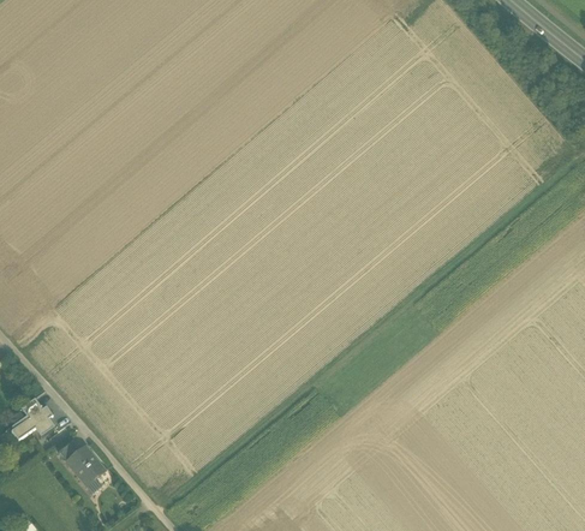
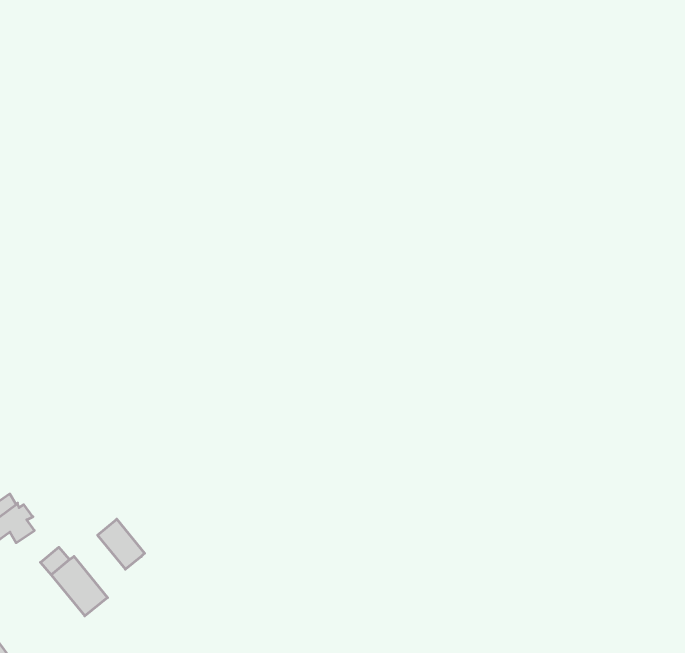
building: none -> [98,519,145,569]

